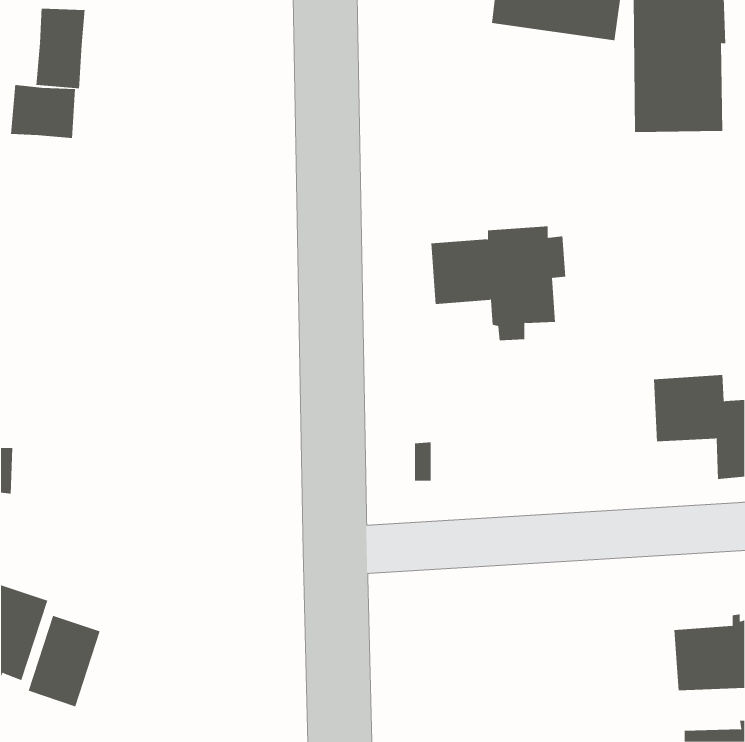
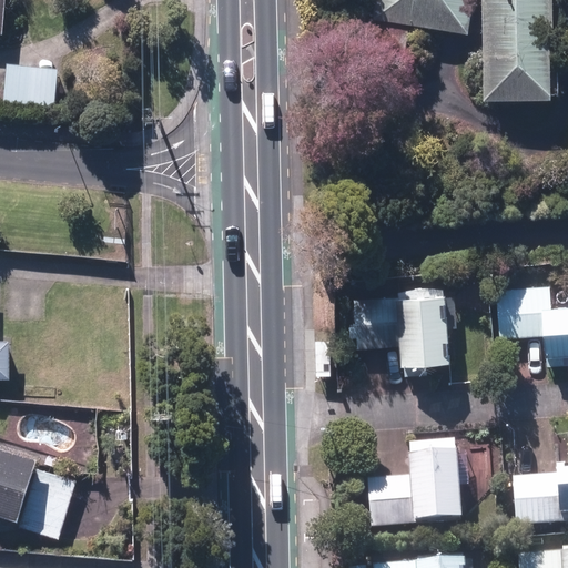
building: [36,8,85,89] -> none
building: [430,226,566,341] -> [354,288,457,376]
building: none -> [368,440,468,529]

